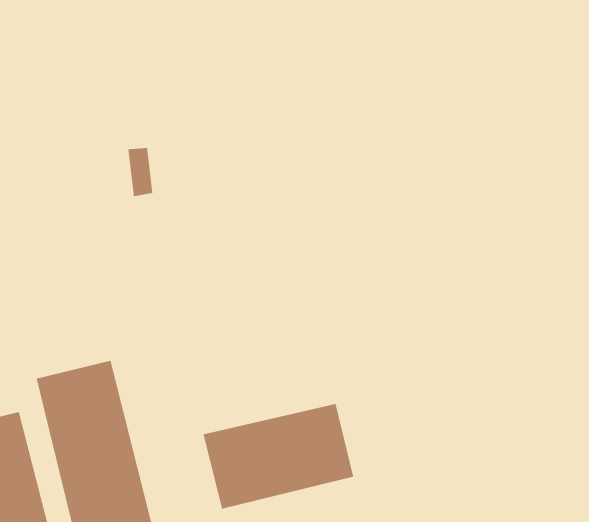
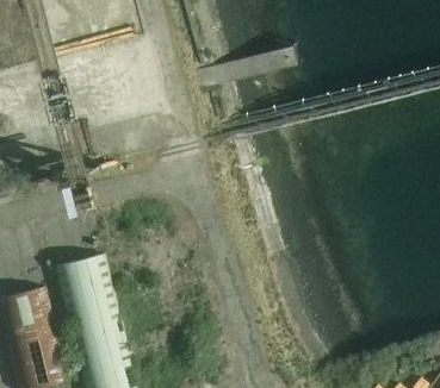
building: [203,403,354,509] -> none

